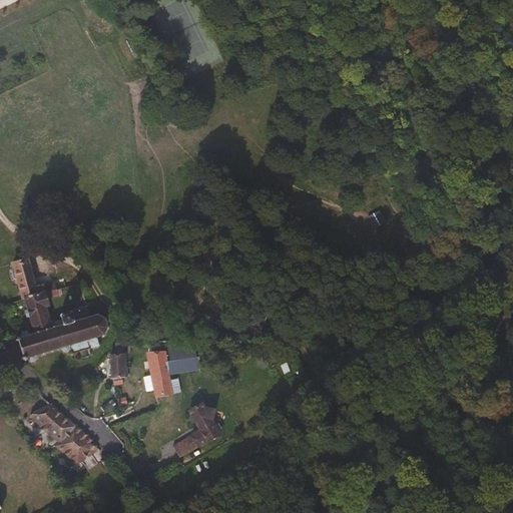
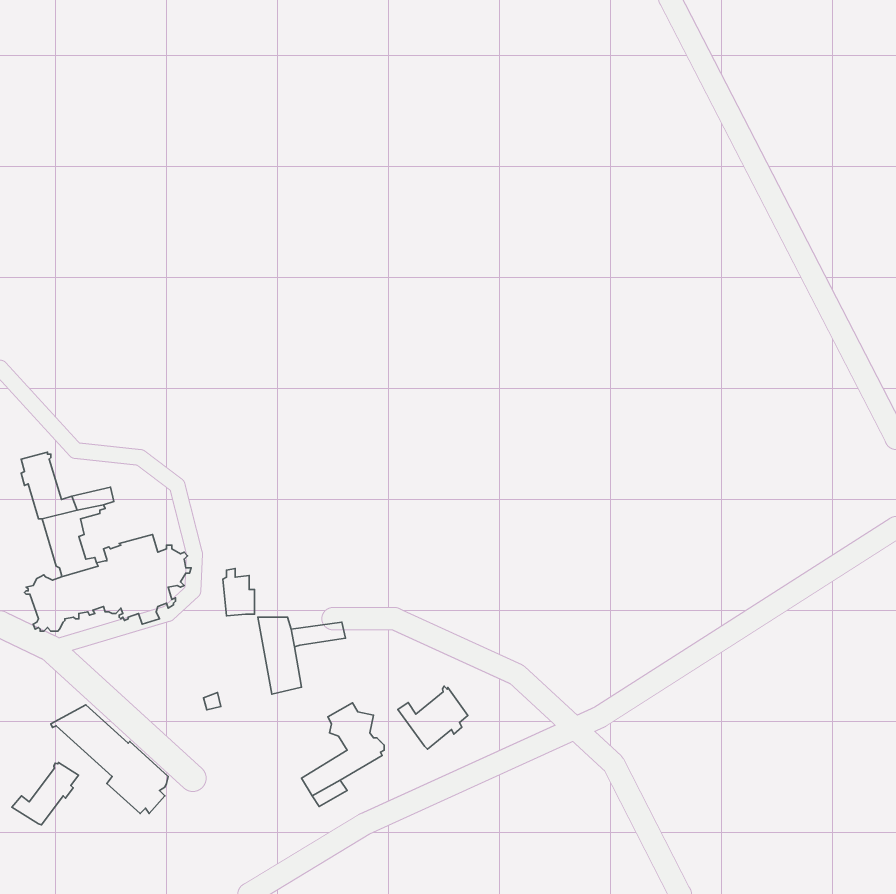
building: [108,350,126,377] -> [223,569,255,616]
building: none -> [398,686,468,749]
building: none -> [12,762,78,825]

